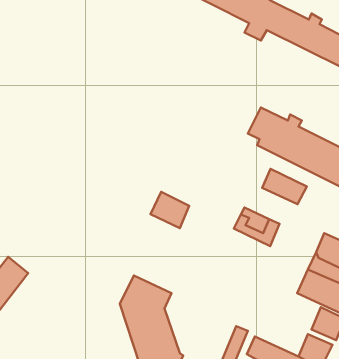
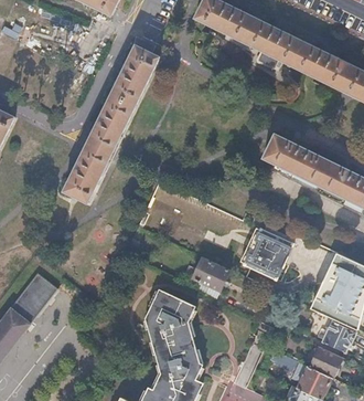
building: none -> [64,44,159,202]
building: [262,169,307,204] -> [242,246,283,279]
building: [151,192,189,228] -> [192,256,228,291]

